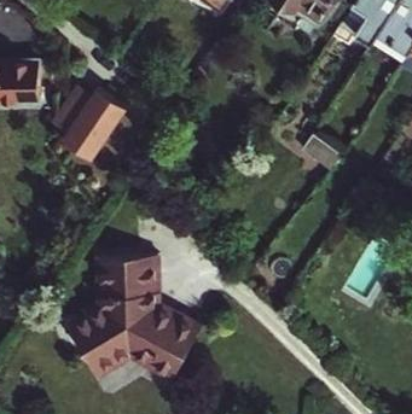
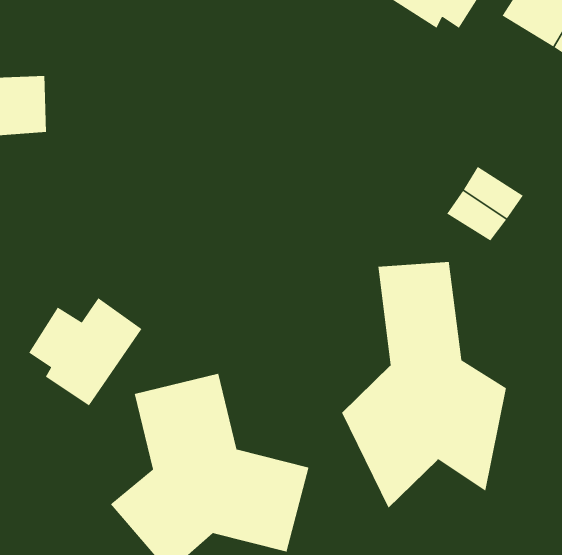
building: [54,91,129,162] -> [28,297,143,406]
building: none -> [341,261,507,509]

